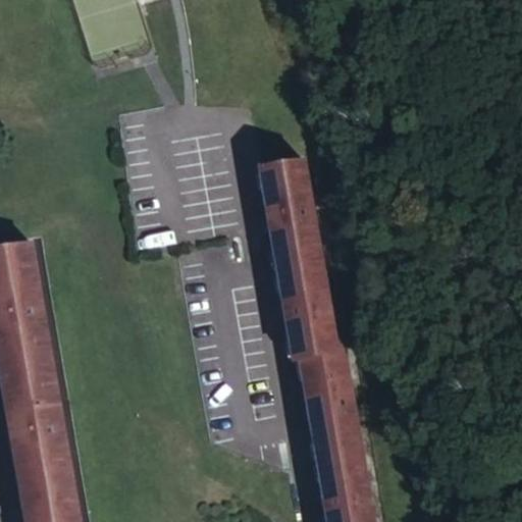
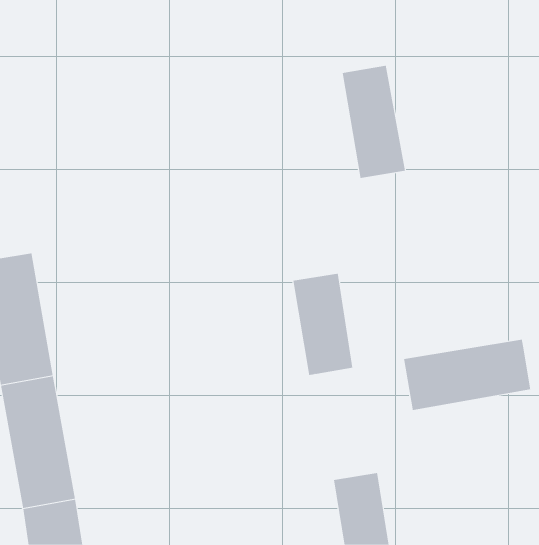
building: [262,160,323,268] -> [342,65,406,178]
building: none -> [403,339,531,411]
building: [301,351,361,459] -> none

